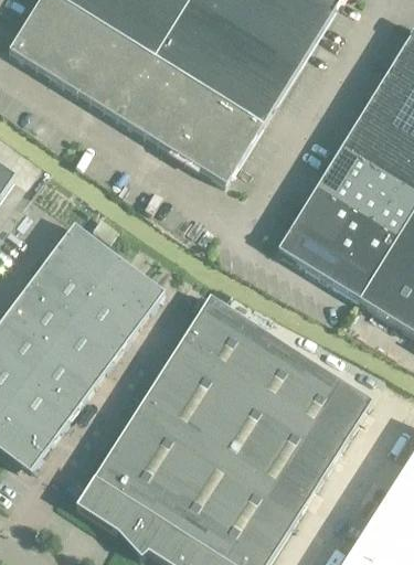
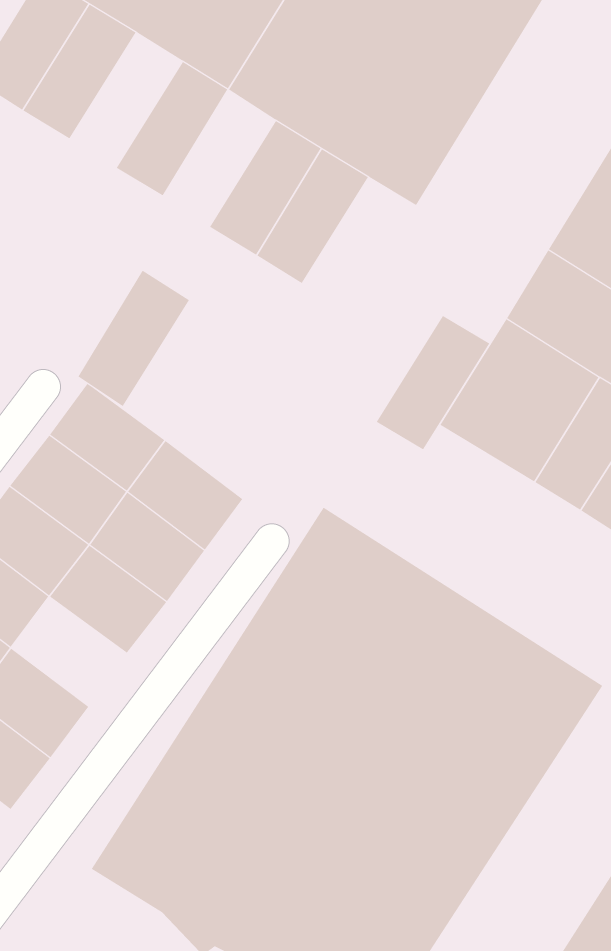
building: [64,20,129,98] -> none
building: [118,53,183,132] -> [77,270,190,407]
building: [199,104,265,182] -> [376,315,490,450]
building: [30,347,97,411] -> none

